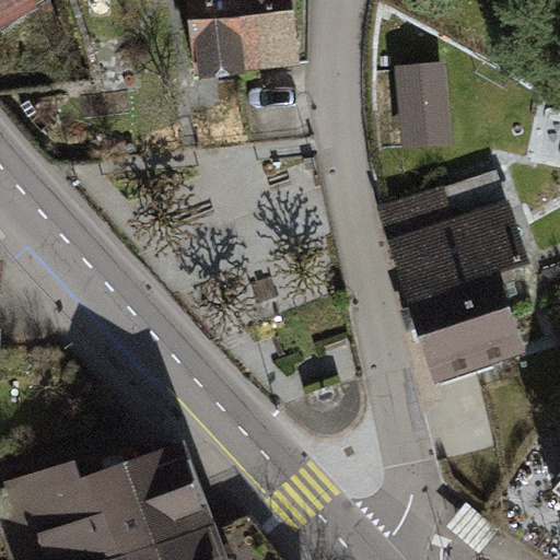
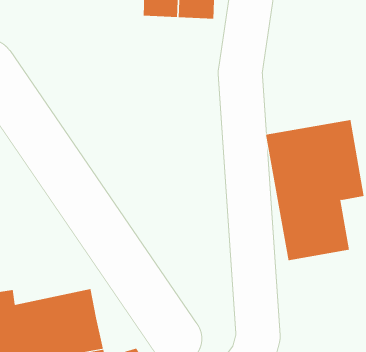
building: [400,58,456,144] -> none

